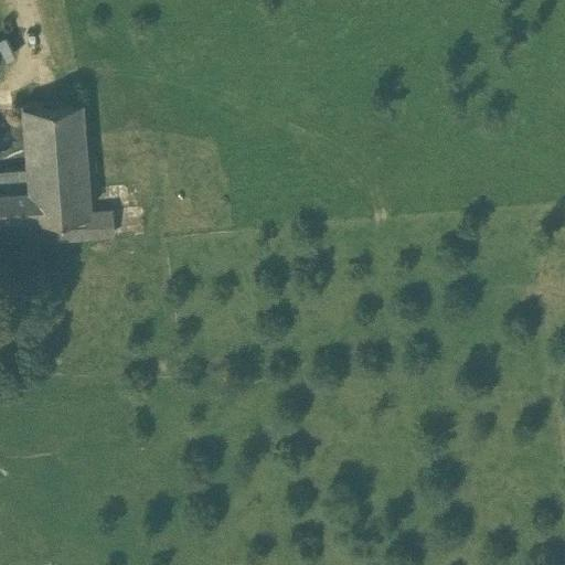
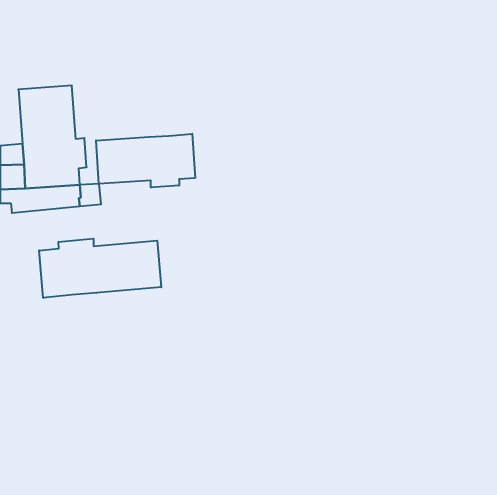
building: none -> [96,134,195,188]
building: none -> [39,239,161,298]

